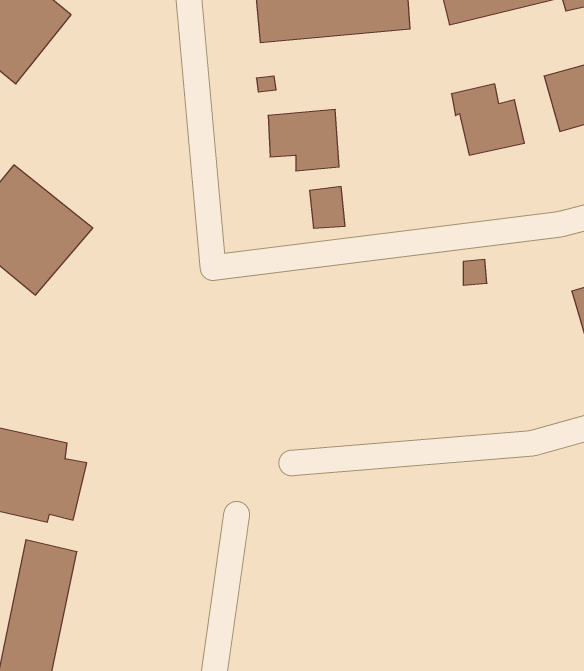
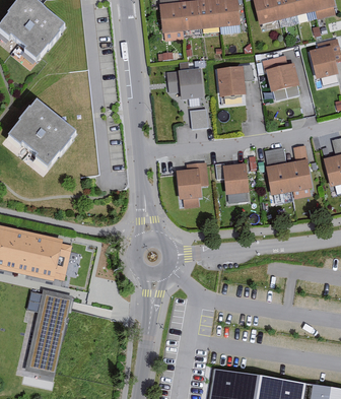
building: none -> [219,65,253,97]
building: none -> [264,159,316,200]
building: none -> [223,163,250,194]
building: none -> [176,169,203,200]

